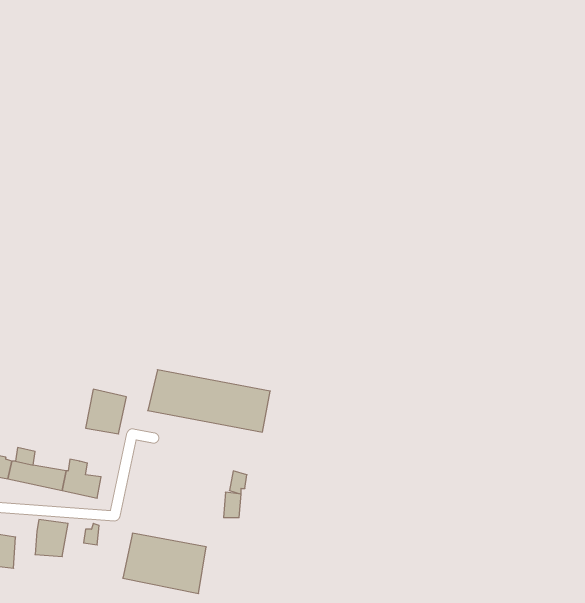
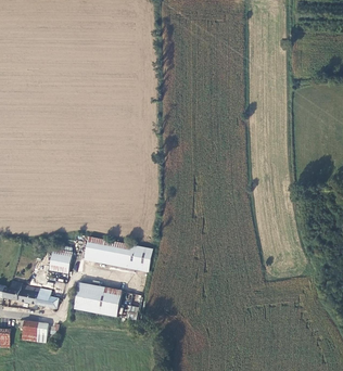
building: [123,533,206,594] -> [74,283,120,317]

